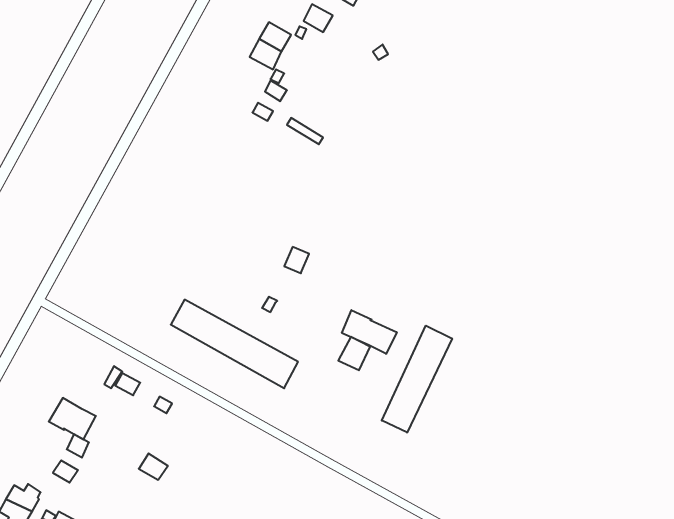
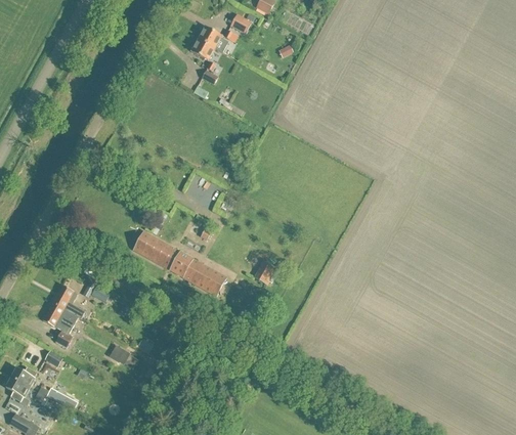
building: [342,310,397,354] -> none
building: [382,326,452,433] -> none
building: none -> [53,286,85,319]

